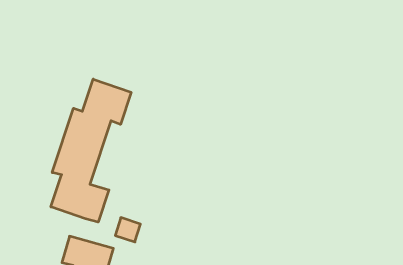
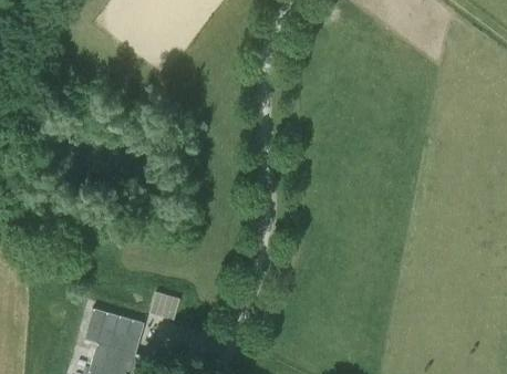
building: [51,79,131,222] -> none

